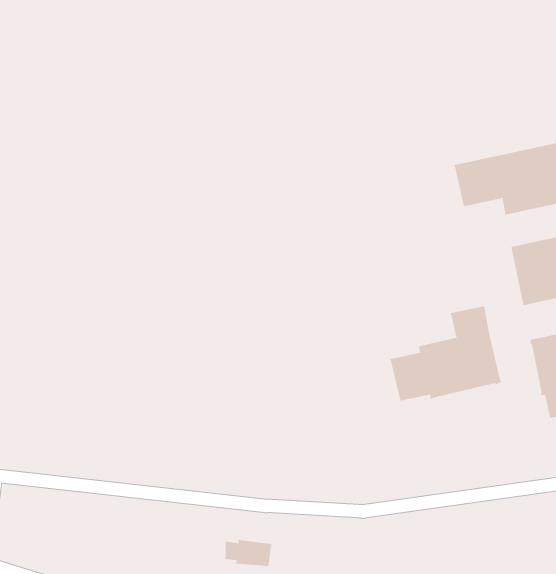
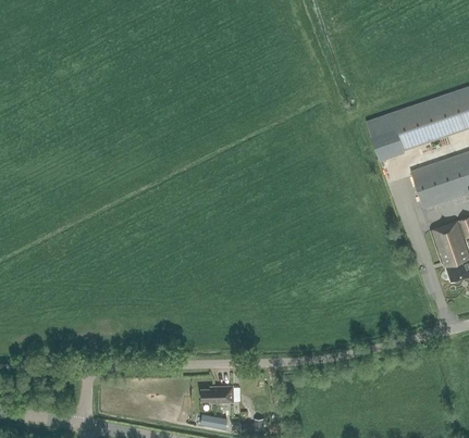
building: [390,306,501,402] -> none
building: [224,540,272,566] -> [201,387,233,403]

